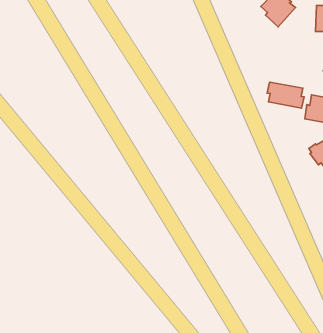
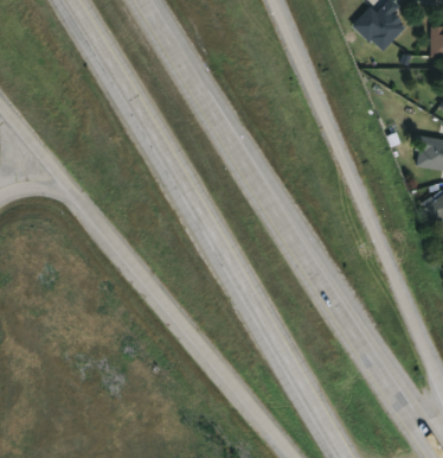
building: [267,82,304,108] -> none

